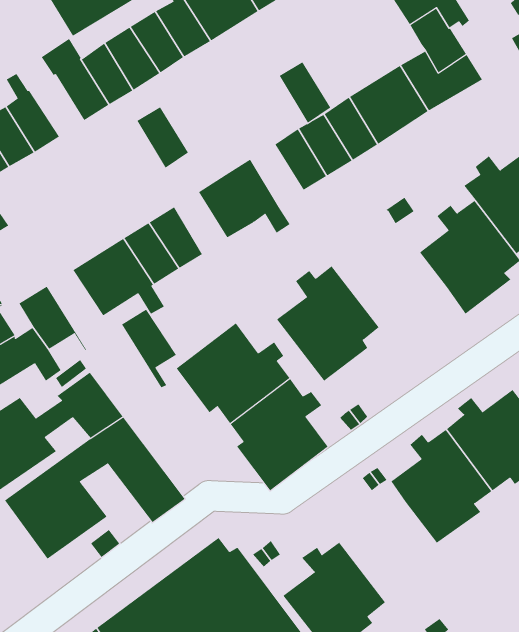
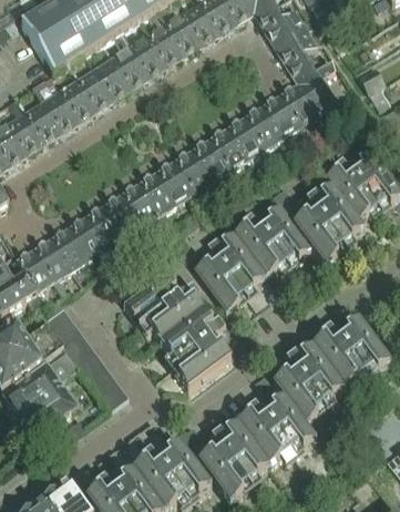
building: [279,62,331,124] -> [176,146,213,190]
building: none -> [22,98,60,141]
building: [136,107,189,169] -> [123,180,160,223]
building: none -> [233,203,312,274]
building: [121,309,177,388] -> [34,234,73,289]
building: none -> [238,396,317,465]

